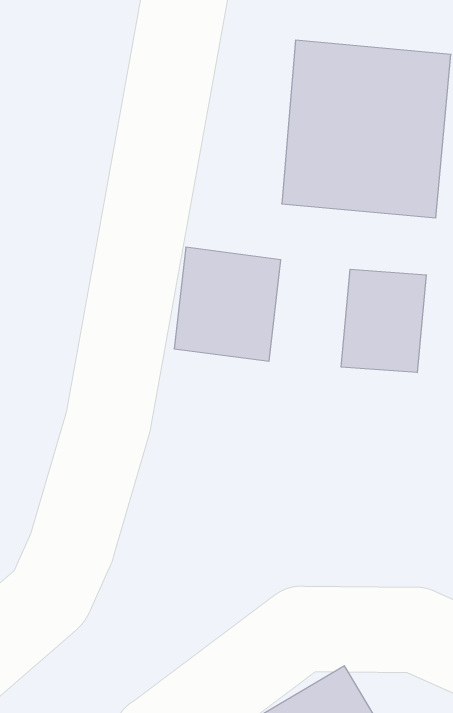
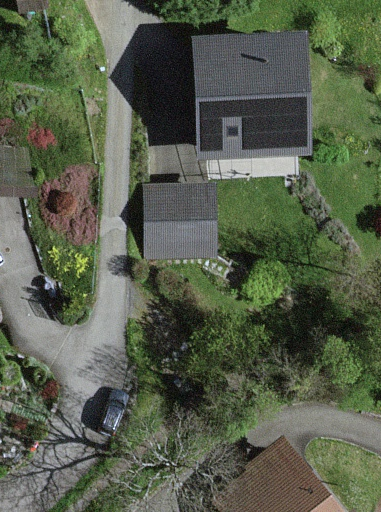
building: [341,269,426,373] -> none

